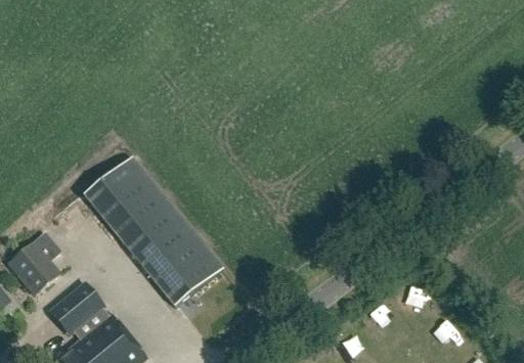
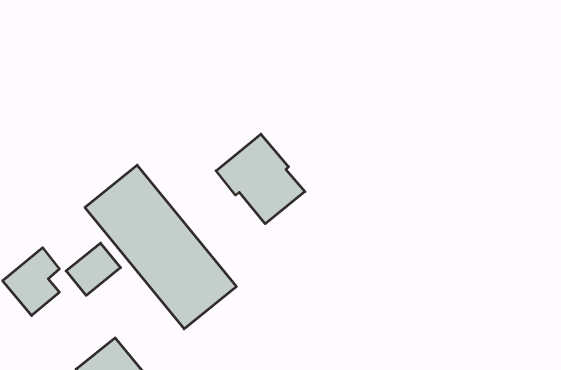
building: none -> [216,134,305,224]
building: [55,281,105,329] -> [66,243,121,295]

